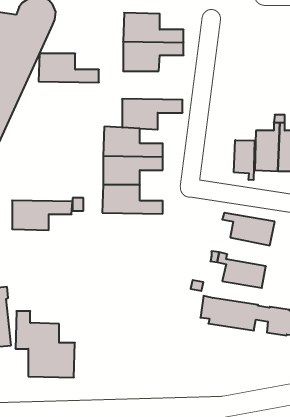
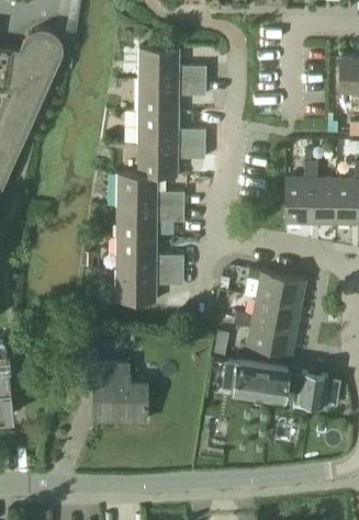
building: [39,54,99,82] -> [137,113,204,145]
building: [234,140,255,180] -> none
building: [12,200,73,230] -> [115,270,182,303]
building: none -> [253,297,301,329]
building: [15,311,75,377] -> [80,349,146,422]

